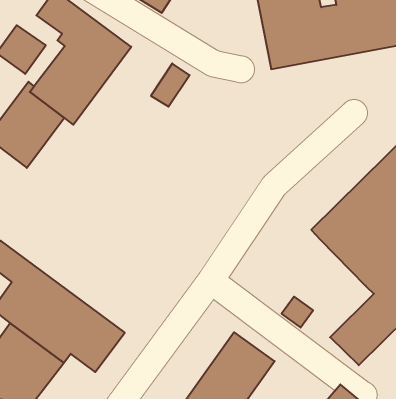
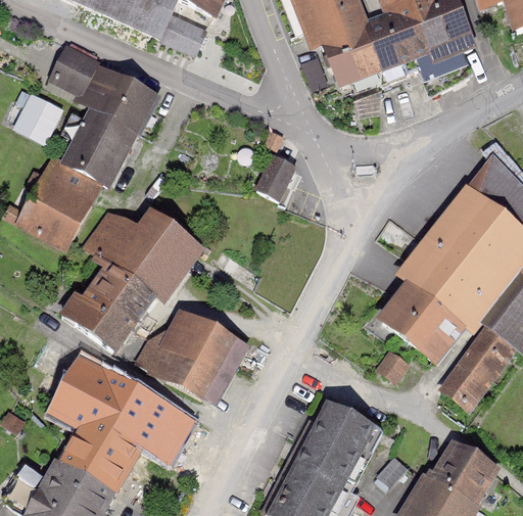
building: [151,63,190,107] -> [255,152,295,201]
building: none -> [60,206,206,353]
building: none -> [135,306,248,402]
building: none -> [376,281,465,364]

